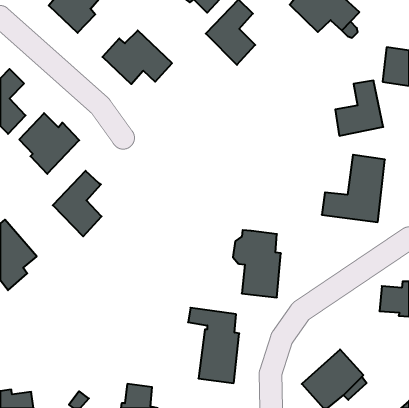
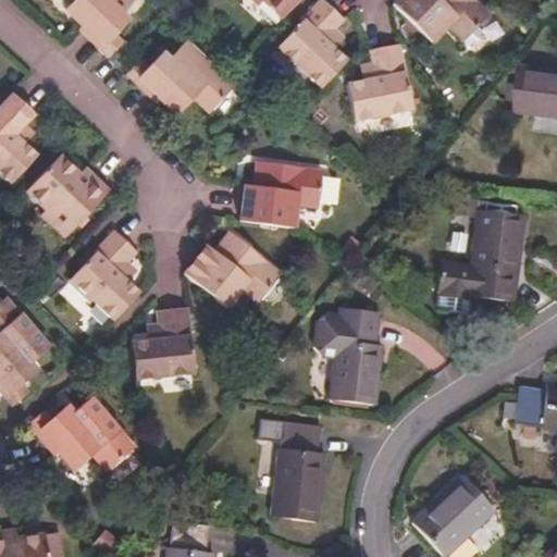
building: [335,81,383,136] -> [348,47,413,122]
building: none -> [243,163,323,228]
building: none -> [186,234,282,308]
building: none -> [133,307,195,380]
building: none -> [40,397,134,470]

